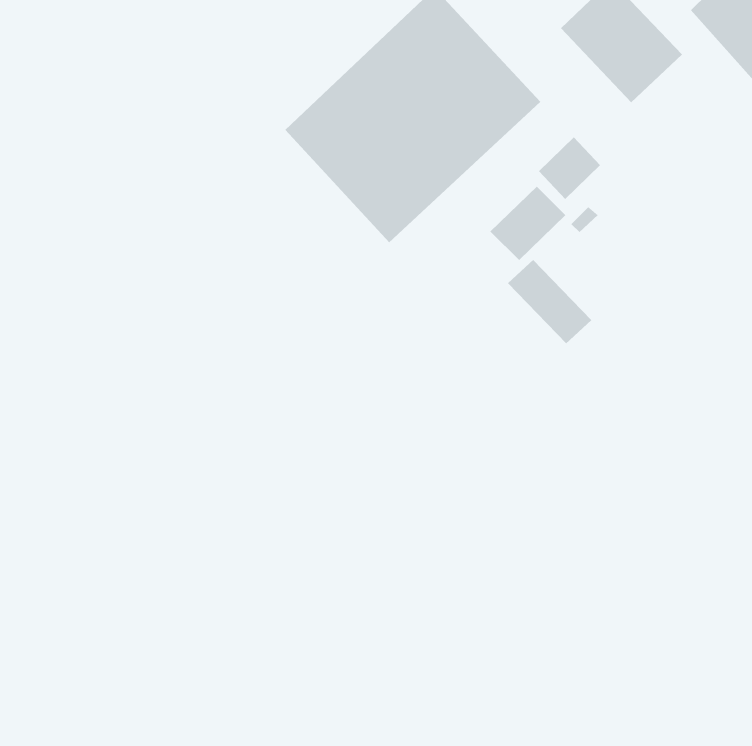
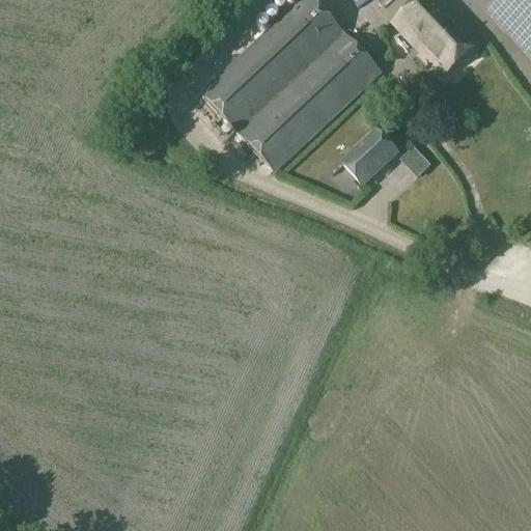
building: [538,137,601,200] -> none
building: [507,259,592,344] -> none

